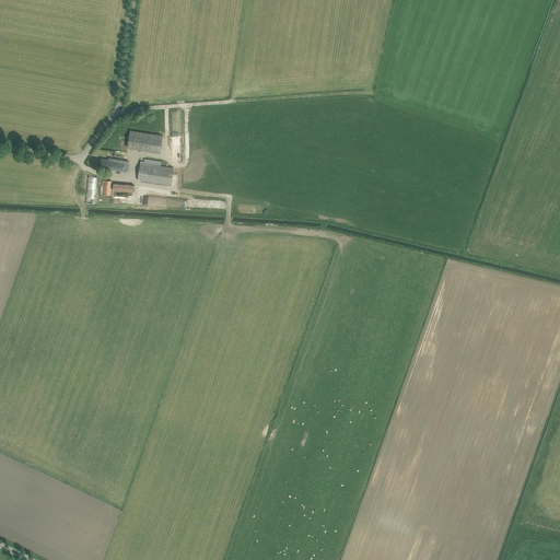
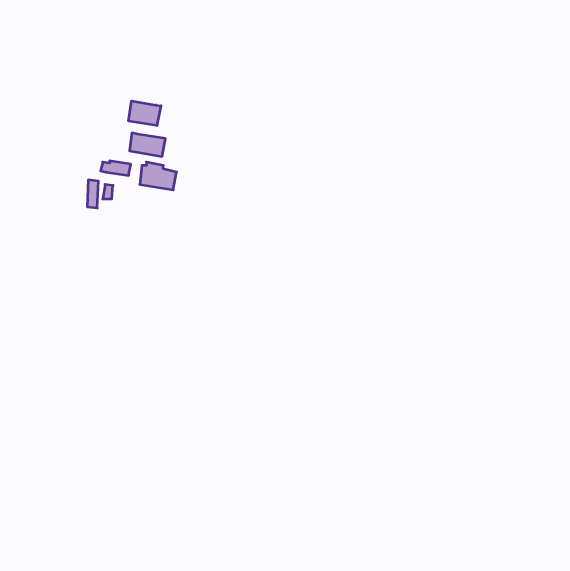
building: none -> [129,101,161,126]

